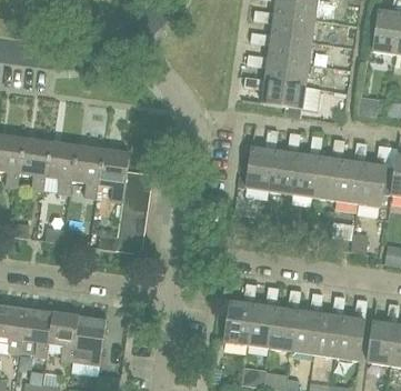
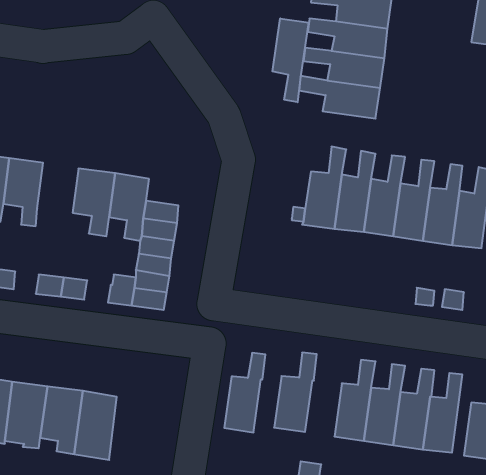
building: none -> [272,18,309,102]
building: [44,141,76,193] -> none
building: [247,288,278,348] -> [224,353,265,432]

